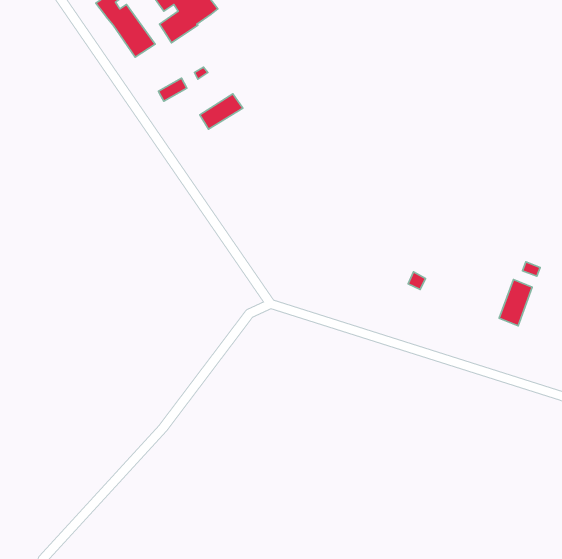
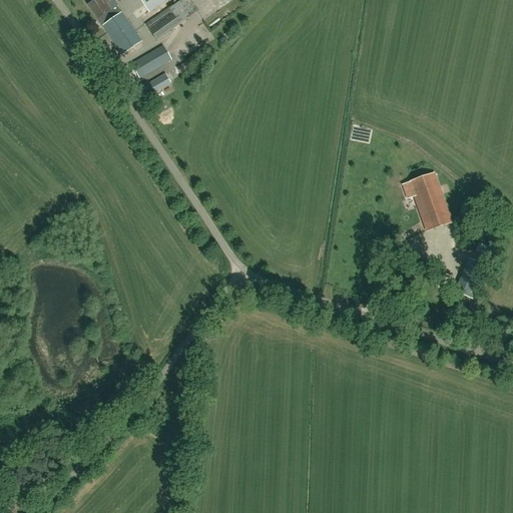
building: [200,94,243,129] -> [132,44,171,76]
building: none -> [409,171,451,228]

